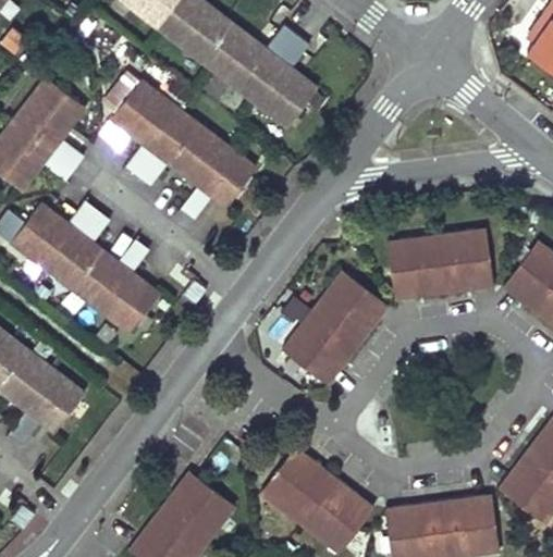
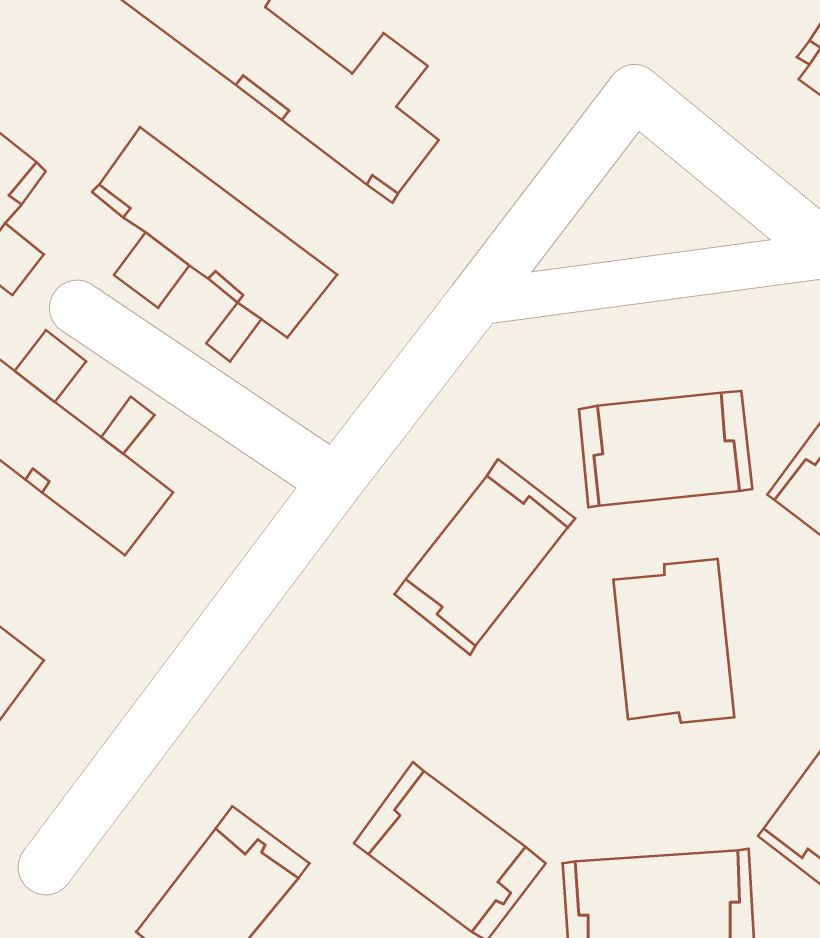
building: none -> [613,559,734,723]

